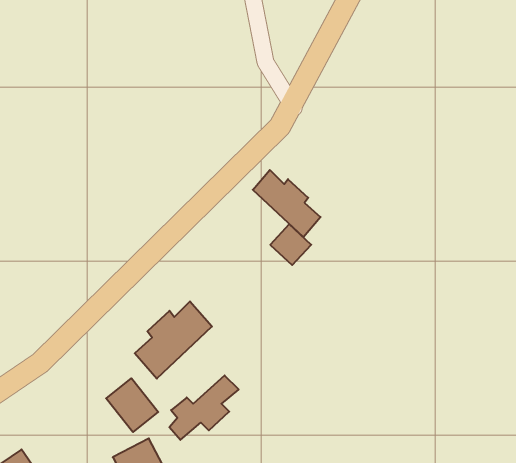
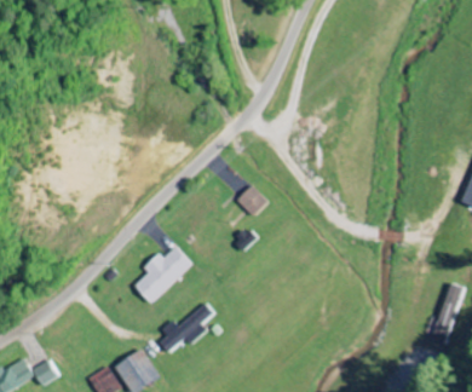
building: [253,170,321,237] -> none
building: [106,378,158,432] -> none

